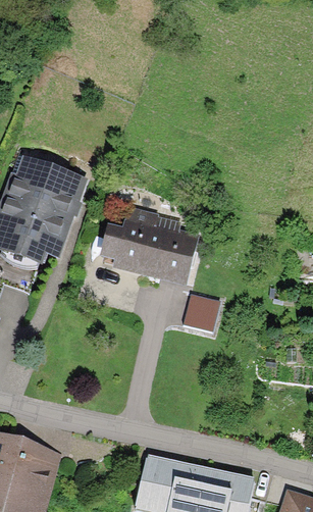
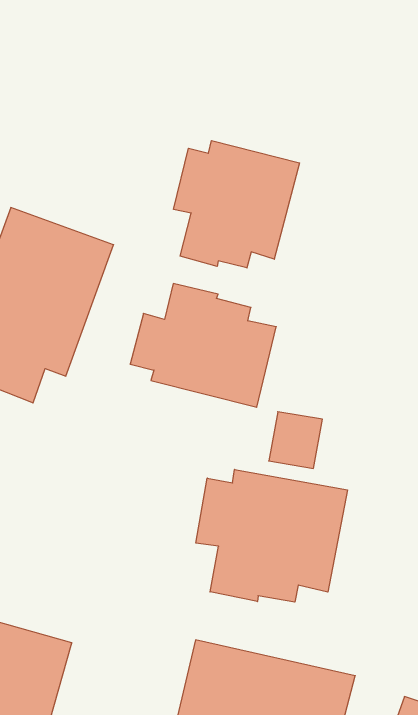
building: none -> [174,141,300,268]
building: none -> [196,469,347,602]

